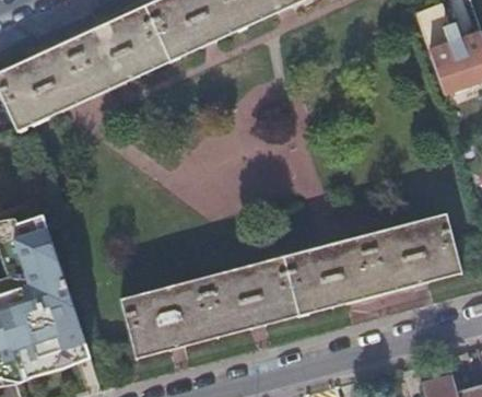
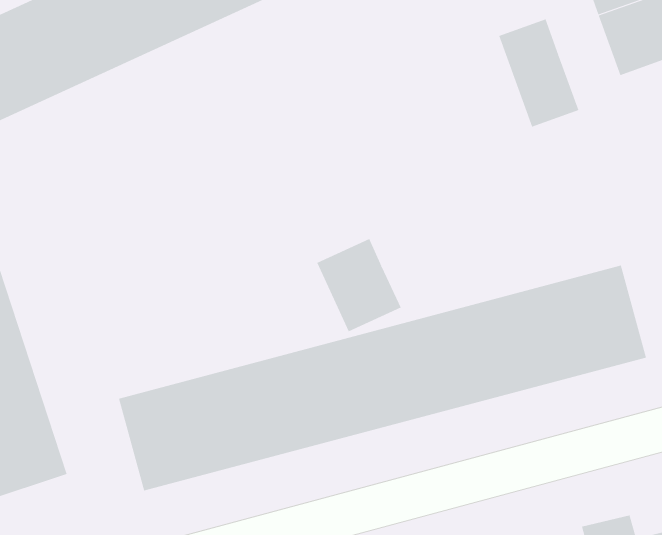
building: none -> [499,19,579,128]
building: none -> [317,238,401,332]

